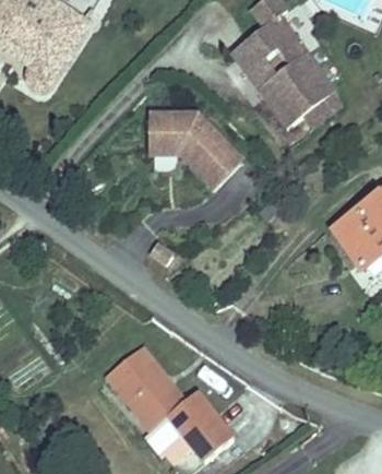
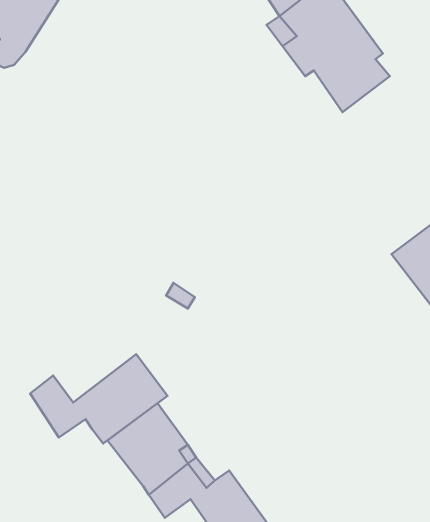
building: [147,121,239,191] -> none
building: none -> [30,354,168,444]

